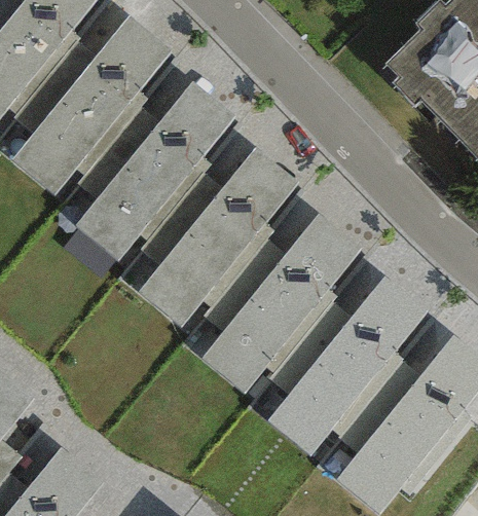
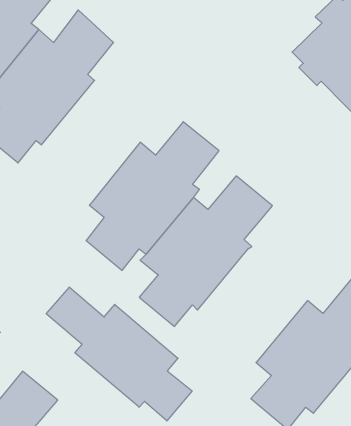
building: [74,80,234,262] -> none
building: [267,273,429,455] -> none
building: none -> [46,287,192,421]

